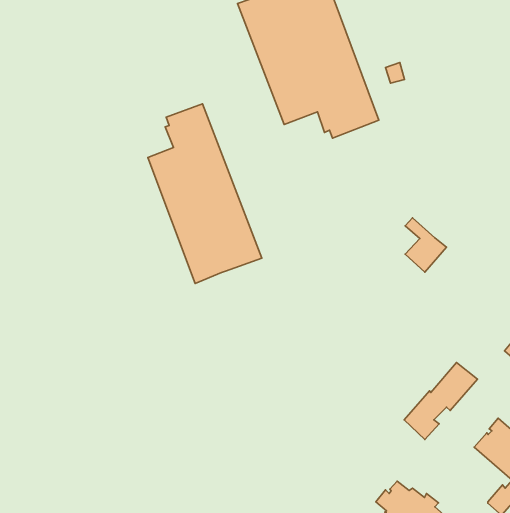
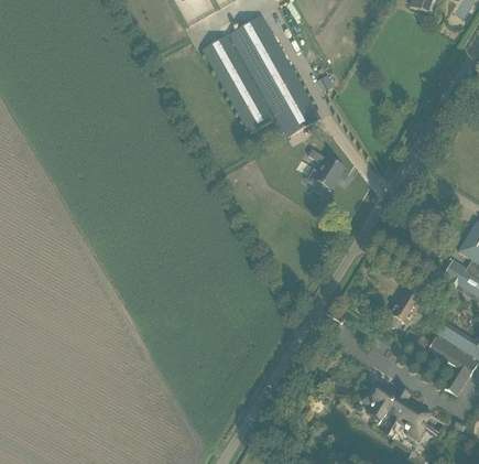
building: [148,104,262,283] -> none
building: [405,218,447,272] -> [311,150,344,188]

